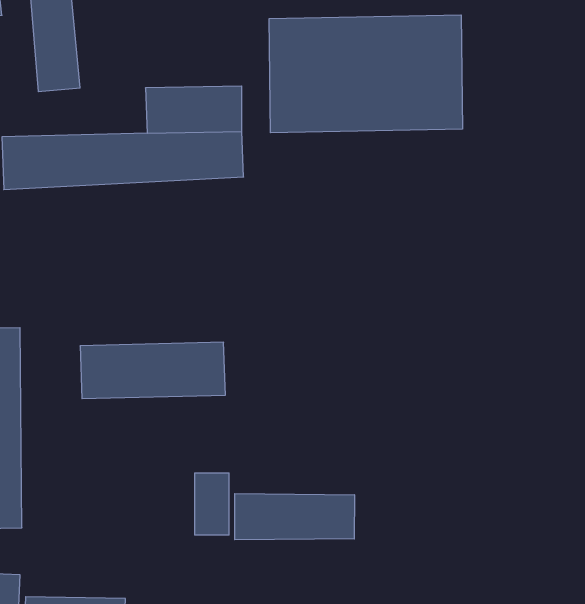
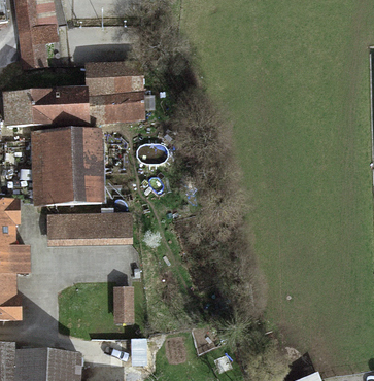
building: [269,15,462,133] -> none
building: none -> [34,131,101,198]
building: [235,494,354,540] -> none

